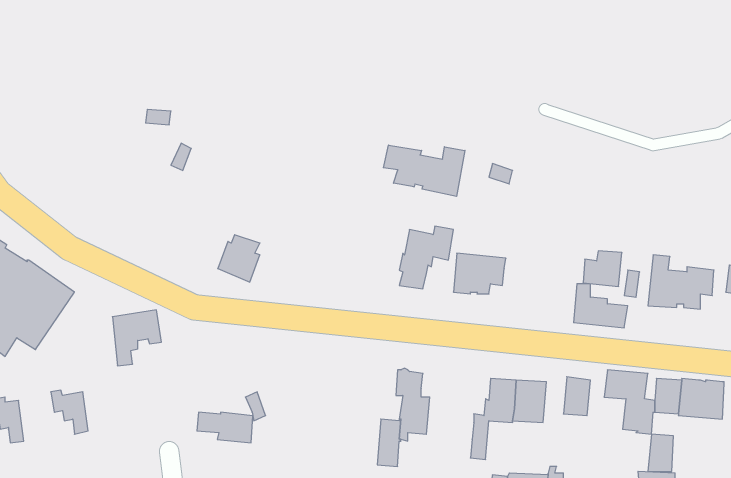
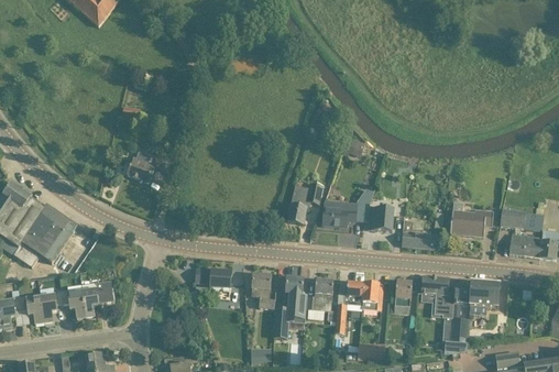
building: [383,145,465,196] -> none
building: [218,235,260,282] -> [128,152,155,183]
building: [583,251,622,286] -> [369,208,394,231]
building: [112,310,161,366] -> [83,280,114,316]
building: none -> [252,273,275,309]
building: none -> [307,278,337,321]
building: none -> [41,291,64,322]
building: [197,412,253,443] -> [196,270,232,289]

